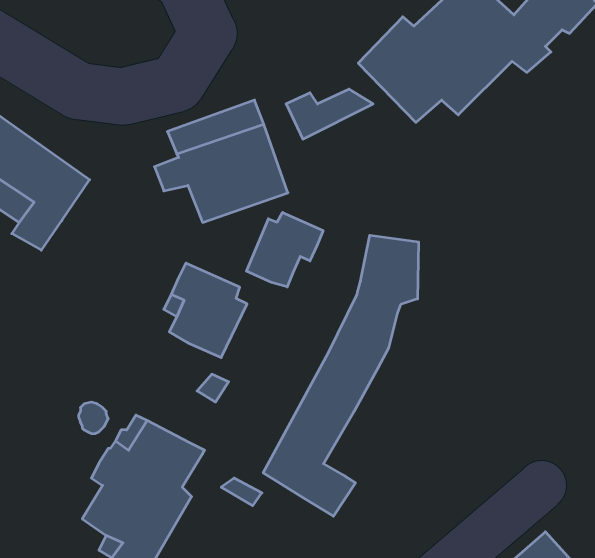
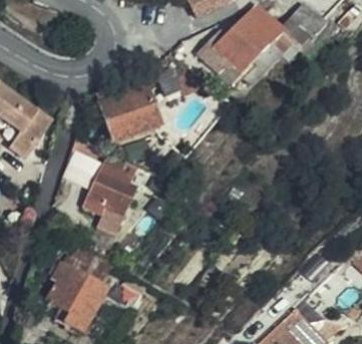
building: [246,212,323,287] -> none
building: [263,235,419,516] -> none

